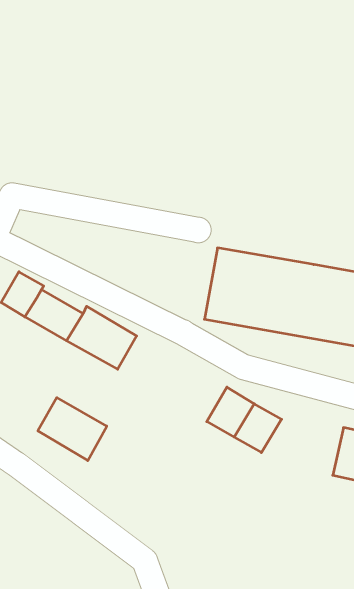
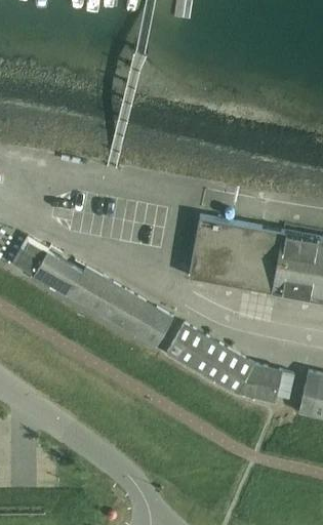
building: none -> [167,324,208,367]
building: [38,398,107,461] -> [114,293,173,348]
building: none -> [238,365,283,403]

